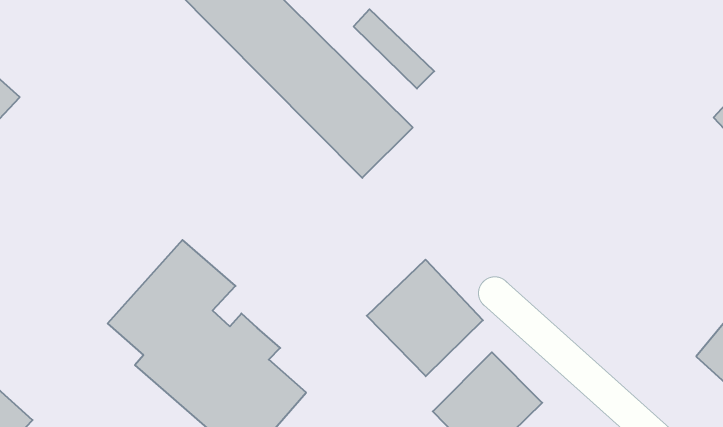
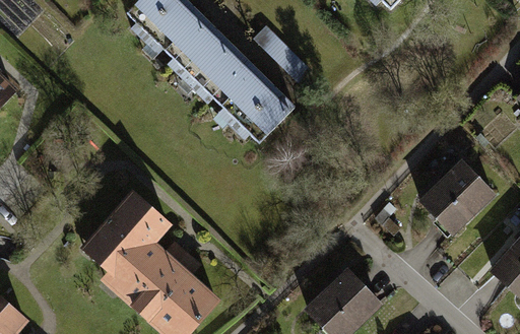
building: none -> [417,158,495,235]
building: [367,260,483,376] -> none

